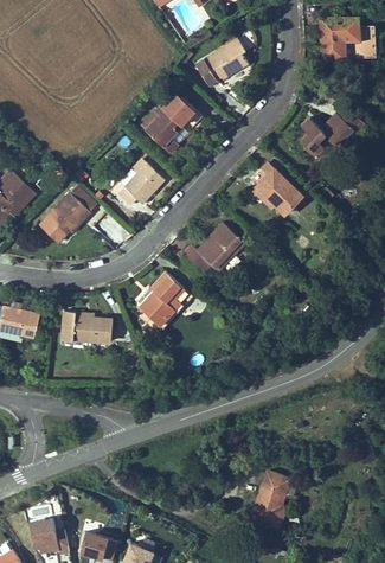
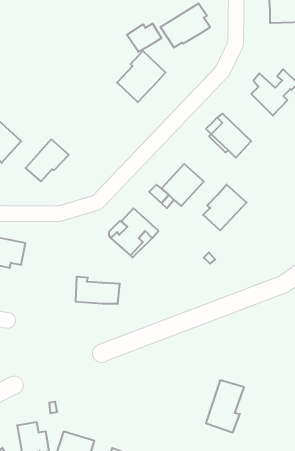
building: none -> [127,23,161,52]
building: [117,161,163,204] -> none
building: none -> [203,184,247,230]
building: [60,311,111,341] -> [76,277,120,304]

